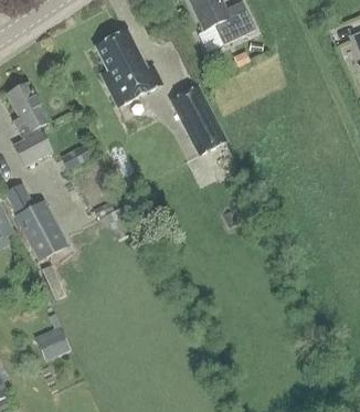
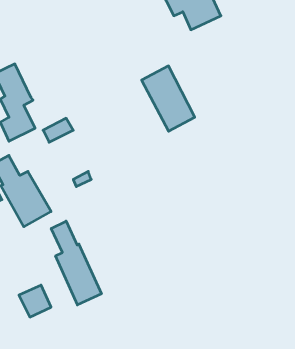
building: [97,31,163,106] -> none
building: none -> [51,221,101,305]

